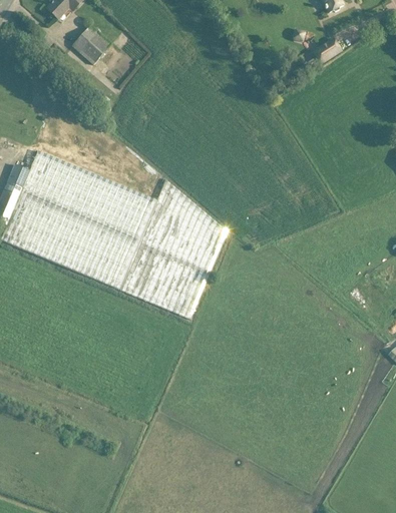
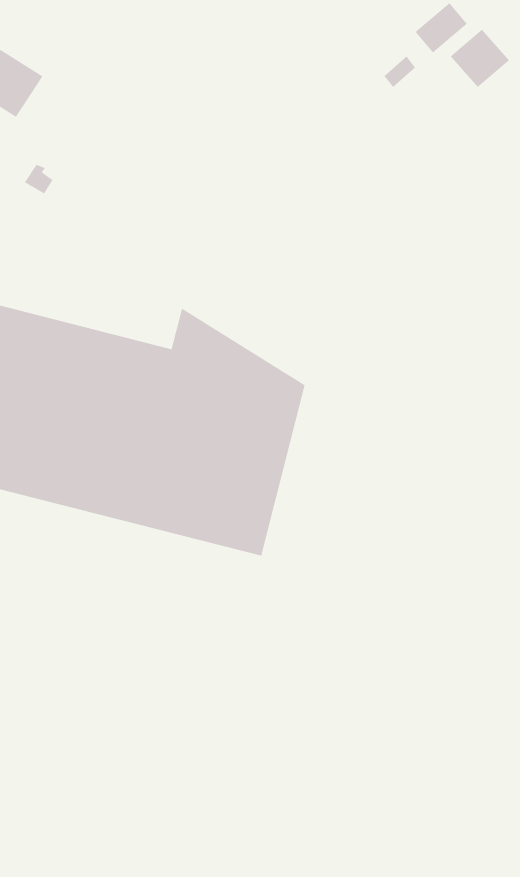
building: none -> [450,29,510,88]

